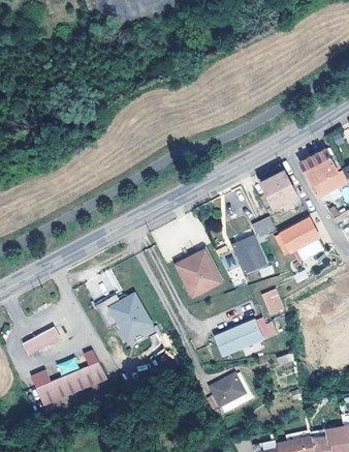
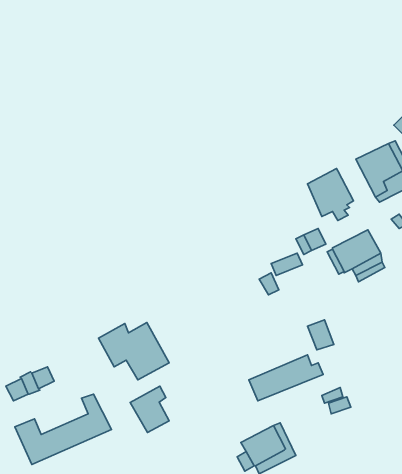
building: [236,246,264,272] -> none
building: [177,251,219,296] -> none
building: none -> [130,386,169,432]

